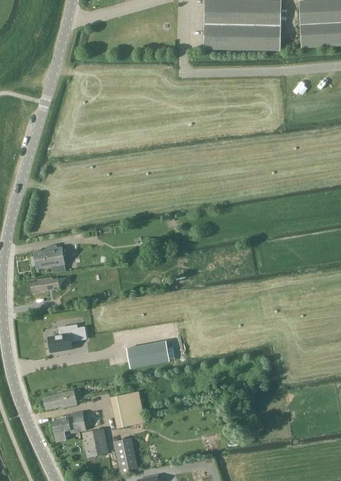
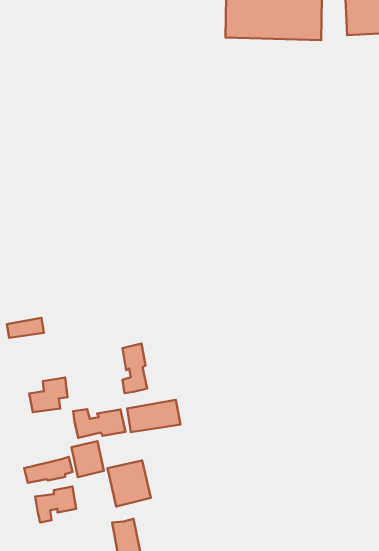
building: [33,243,64,272] -> none
building: none -> [122,344,147,393]
building: none -> [73,409,125,438]
building: [82,427,108,456] -> [72,441,104,477]

